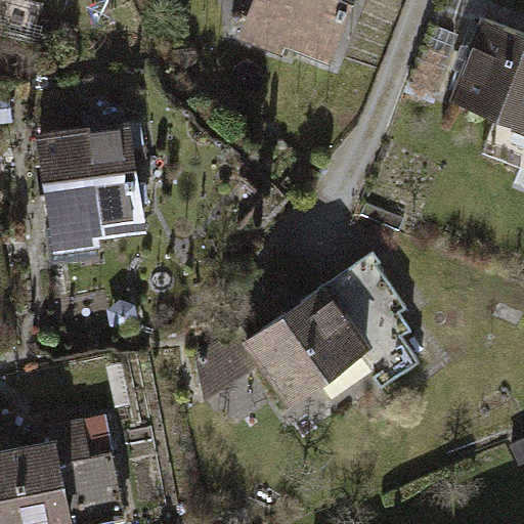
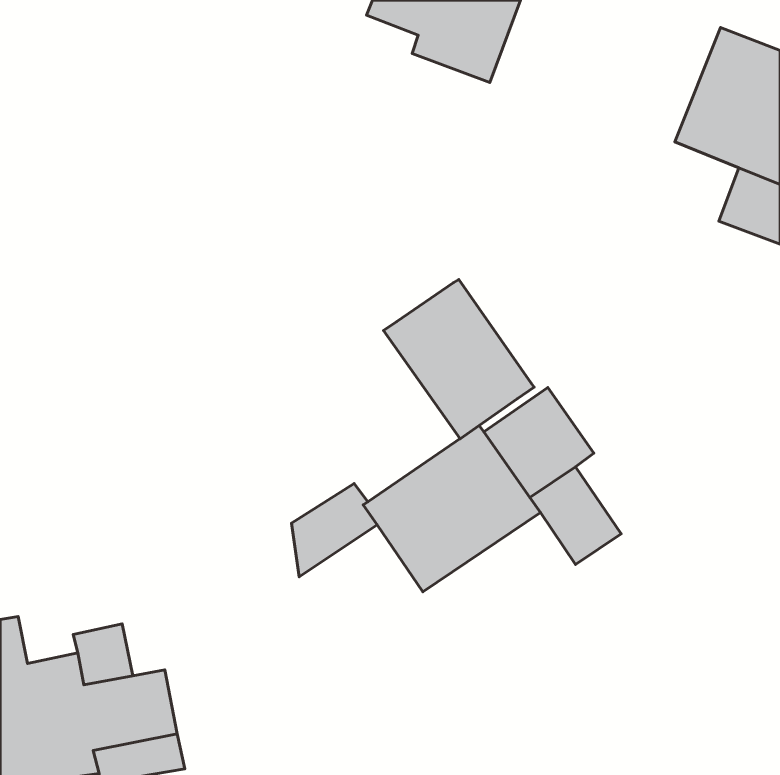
building: [39,127,140,232] -> none
building: none -> [384,279,534,439]

